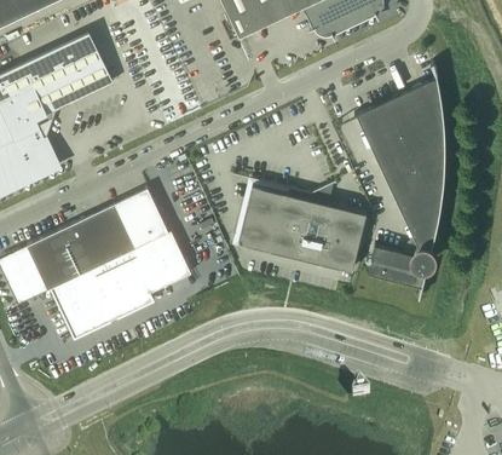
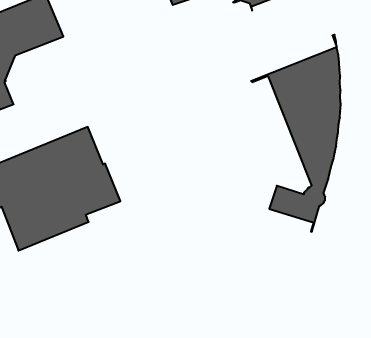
building: [233,174,367,271] -> none

